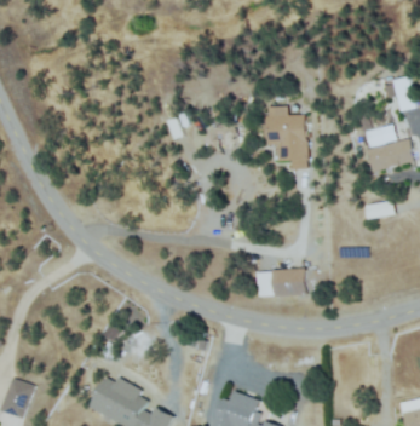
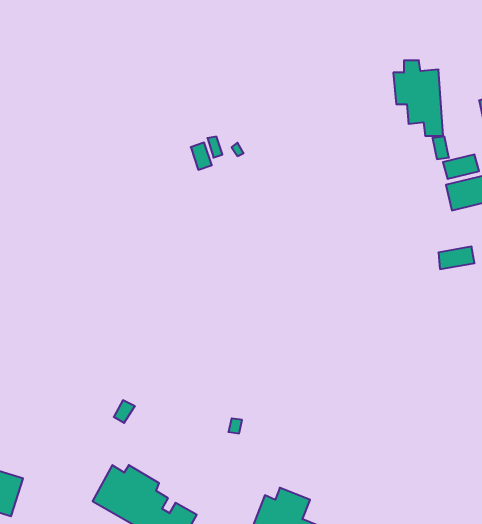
building: [267,109,307,169] -> [393,60,443,136]
building: [257,271,304,297] -> none

